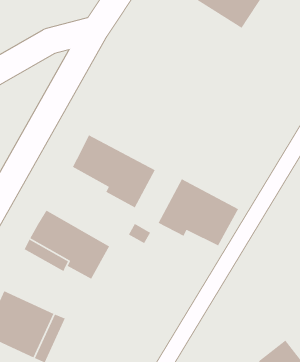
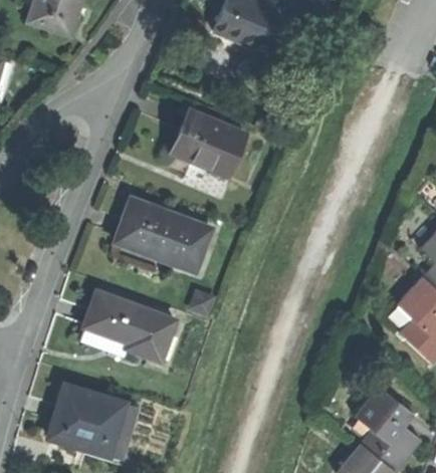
building: none -> [169,111,242,178]
building: [158,178,239,247] -> none

